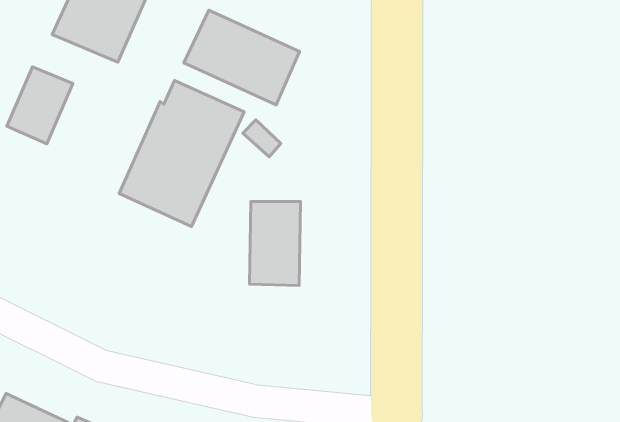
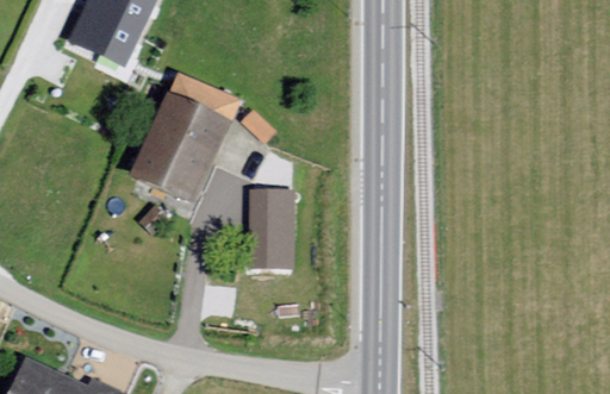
building: [184,10,299,105] -> none
building: [7,67,73,144] -> none

